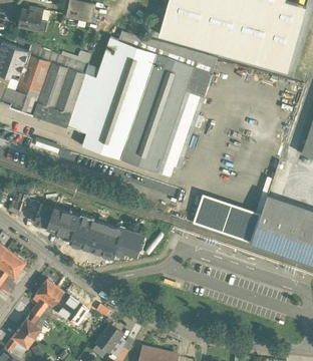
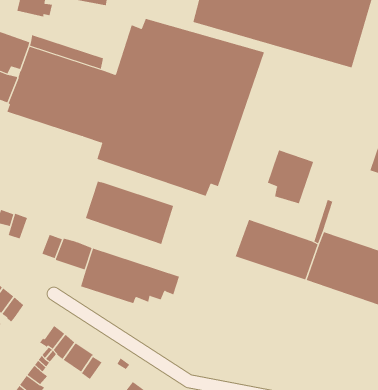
building: none -> [267,149,314,204]
building: none -> [85,181,174,245]

